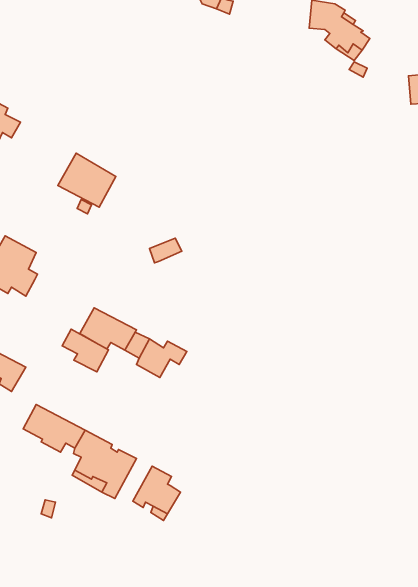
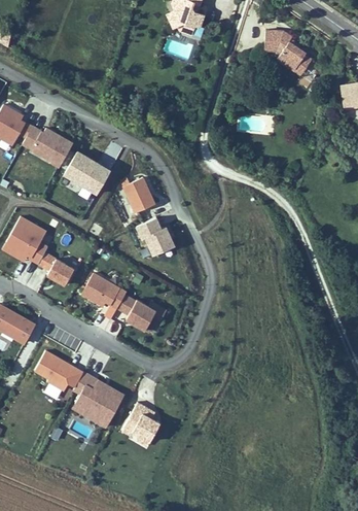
building: none -> [23,126,72,168]
building: none -> [123,178,154,212]
building: none -> [143,227,175,257]
building: [62,329,108,372] -> [37,251,74,285]

